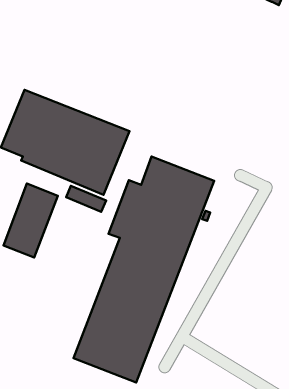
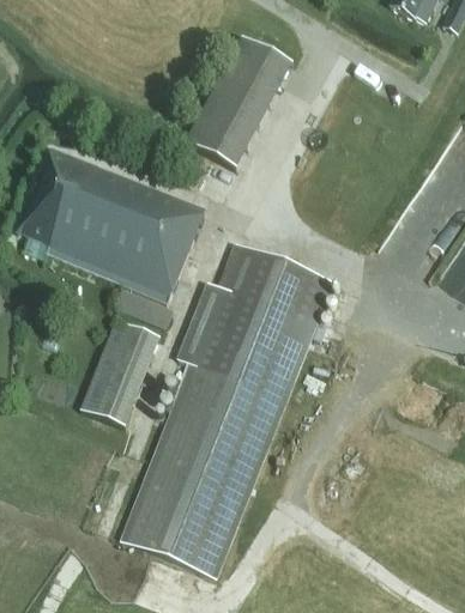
building: none -> [185,34,291,168]
building: [3,184,58,258] -> [78,317,158,426]

